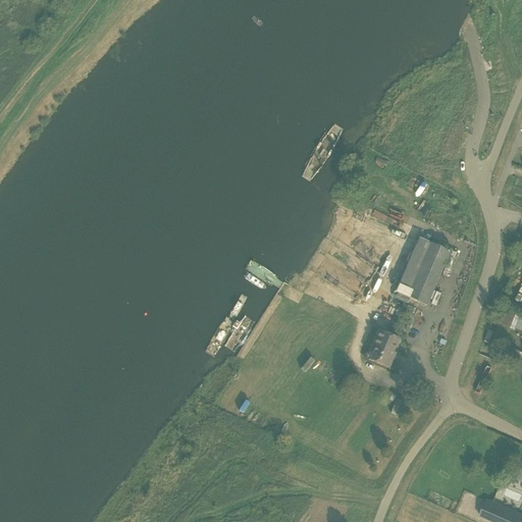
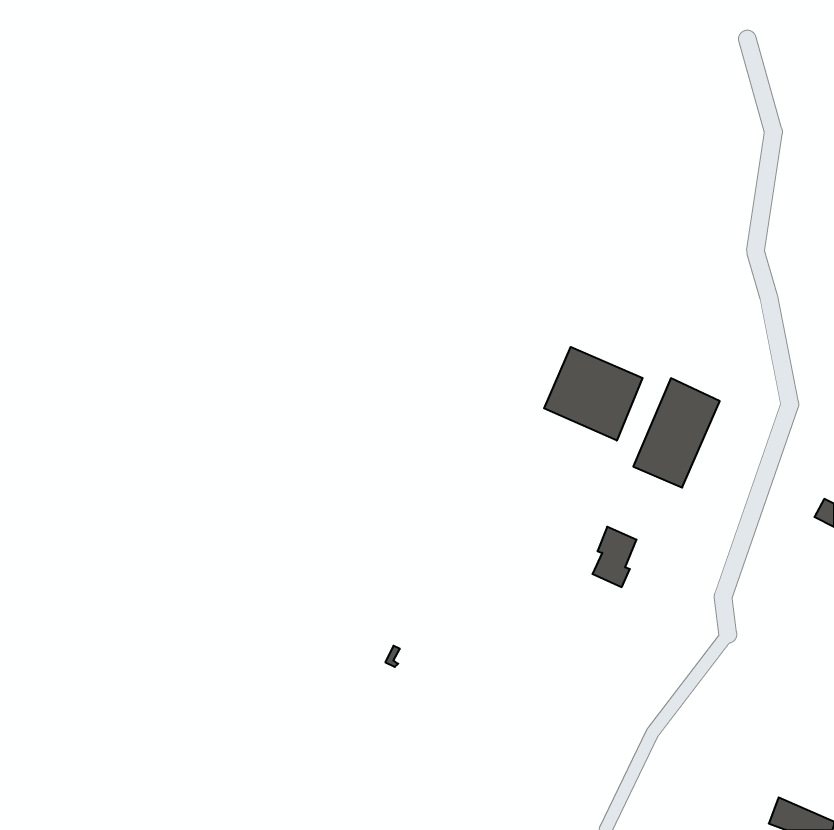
building: none -> [544,347,643,441]

